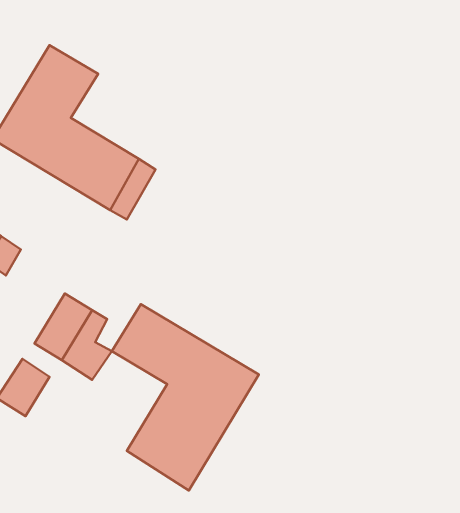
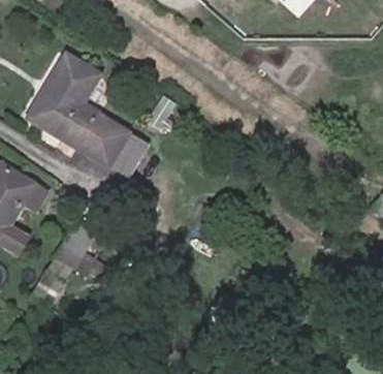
building: [112,304,259,490] -> none

